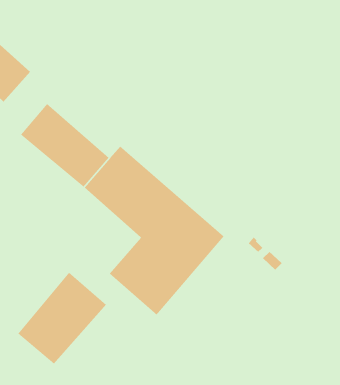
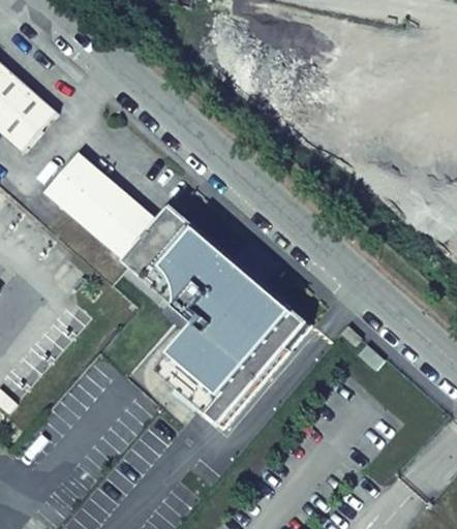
building: [18,272,107,365] -> none

